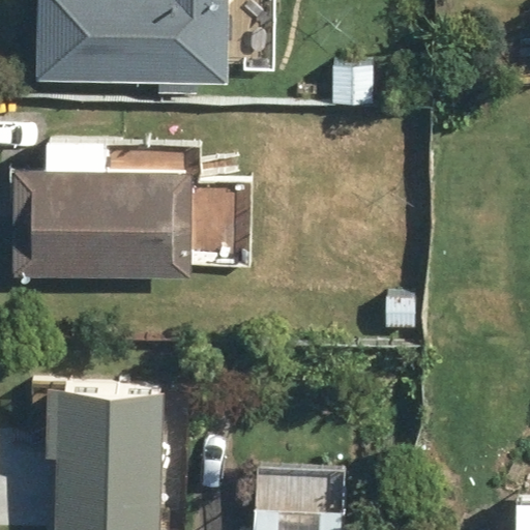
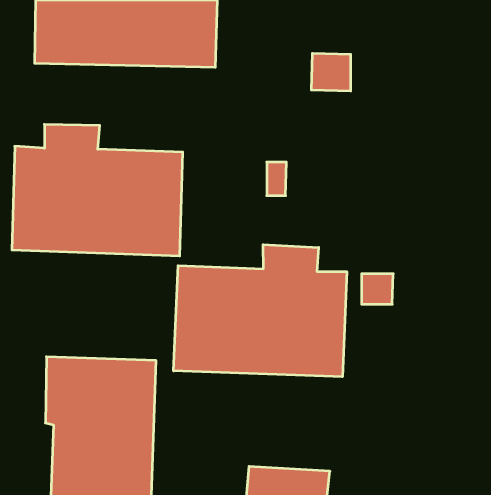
building: none -> [174,245,347,377]

